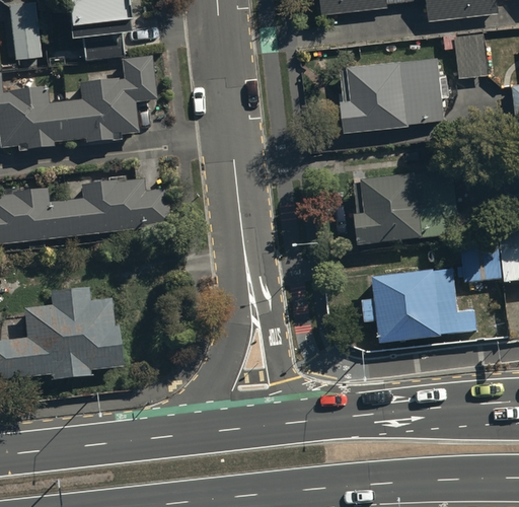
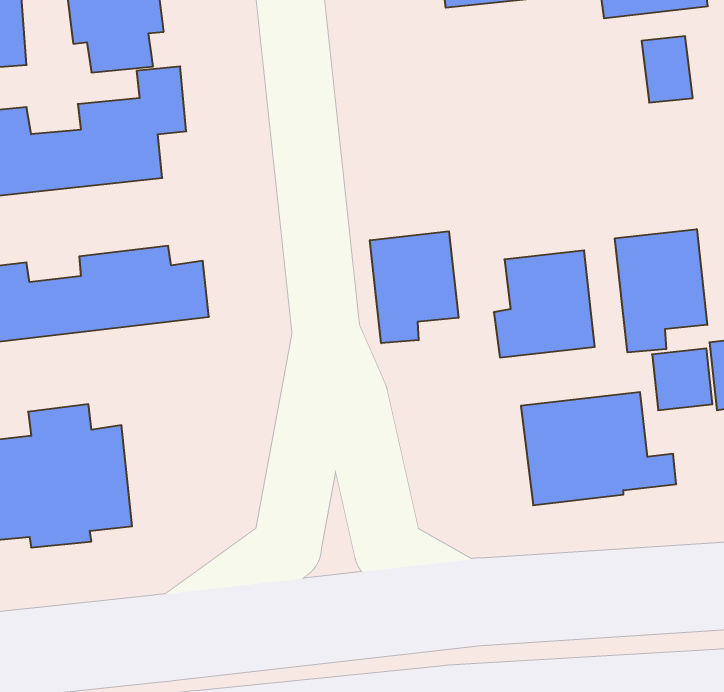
building: [339,58,446,135] -> none
building: none -> [615,229,707,352]
building: none -> [370,231,458,343]

